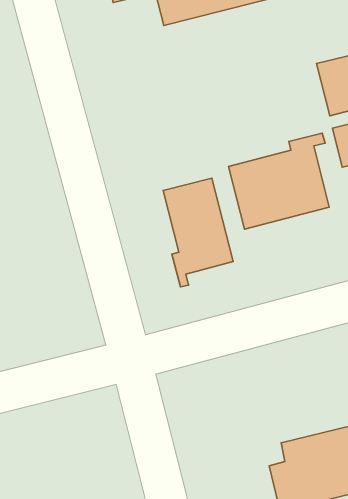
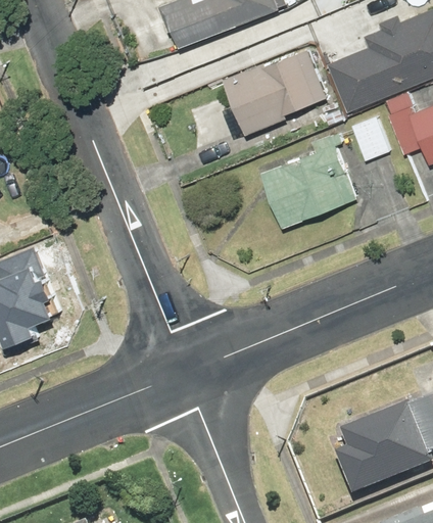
building: none -> [222,49,327,135]
building: [163,178,233,287] -> none

